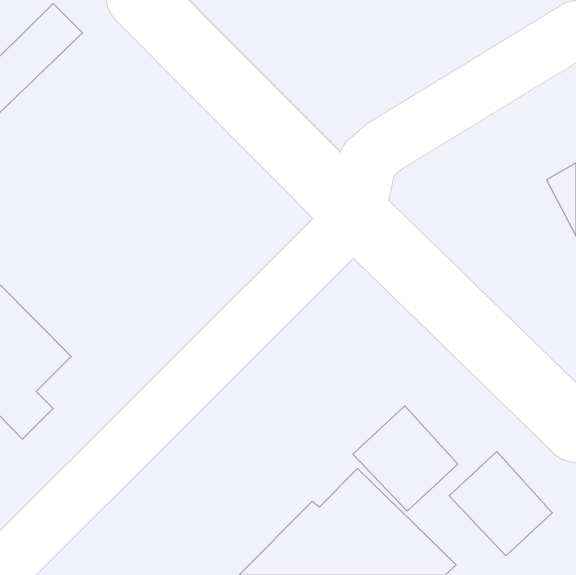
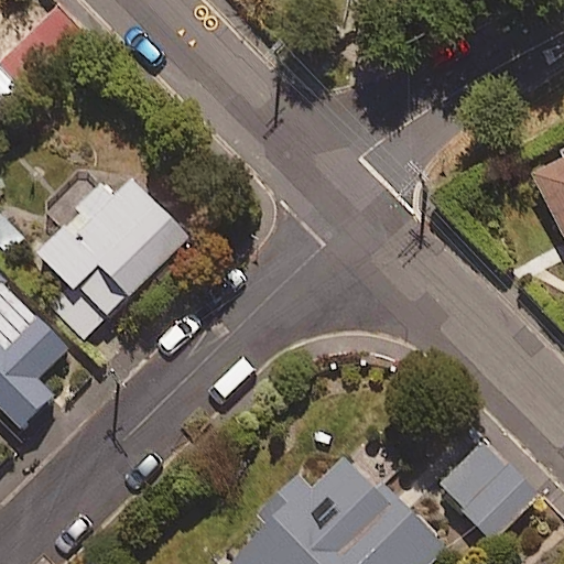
building: none -> [37,169,189,338]
building: [353,406,458,511] -> none

